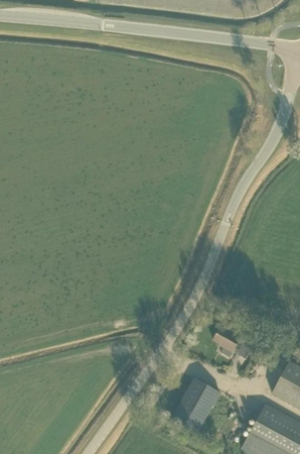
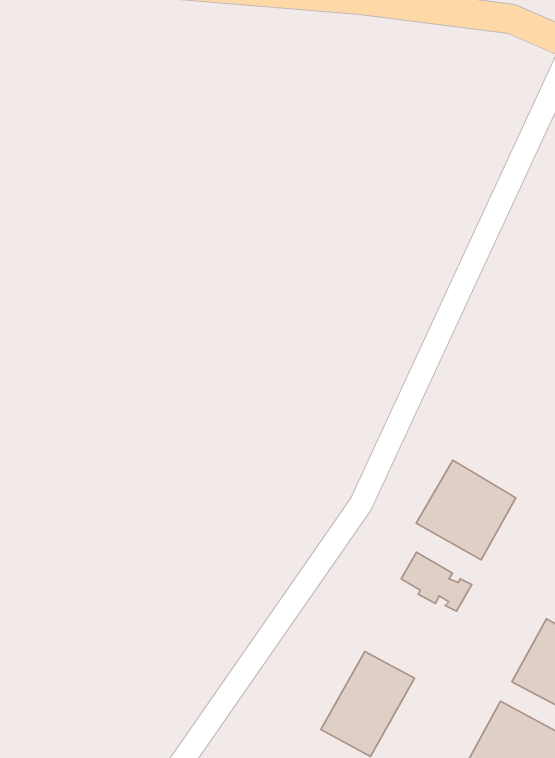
building: none -> [416,460,516,560]

